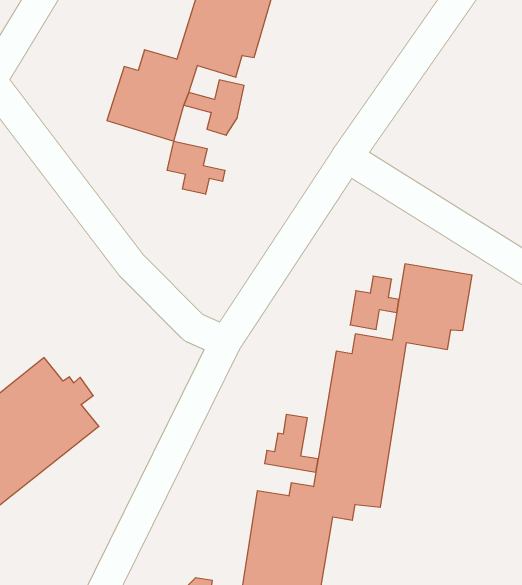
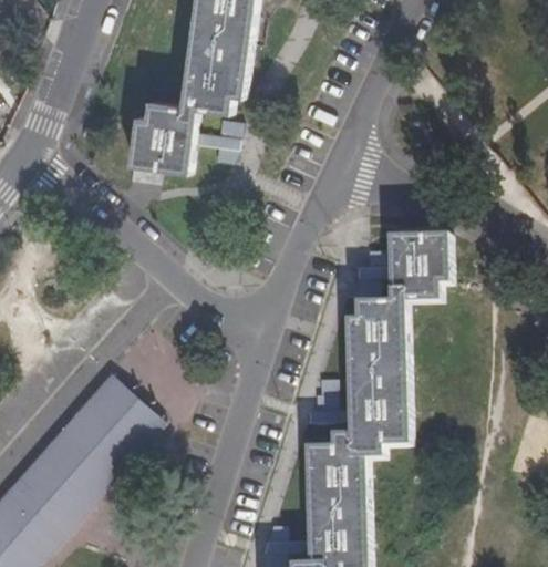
building: [167,141,225,194] -> none

